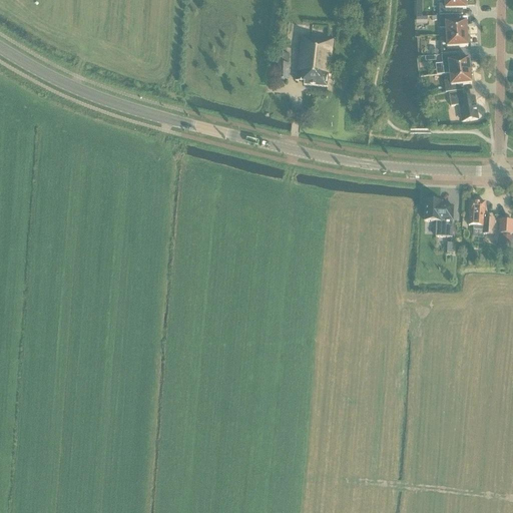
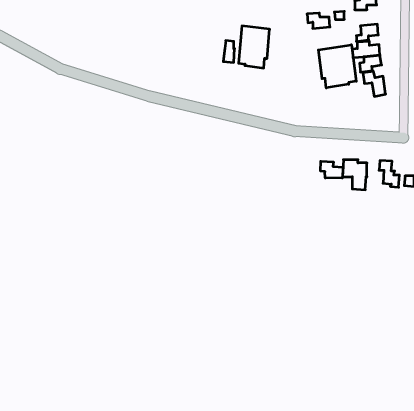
building: [438,13,466,32] -> [307,13,330,28]
building: none -> [318,45,356,88]
building: none -> [321,161,343,178]

